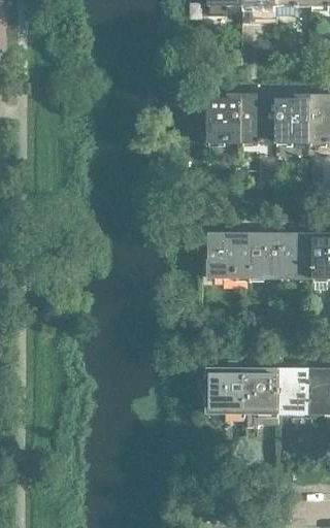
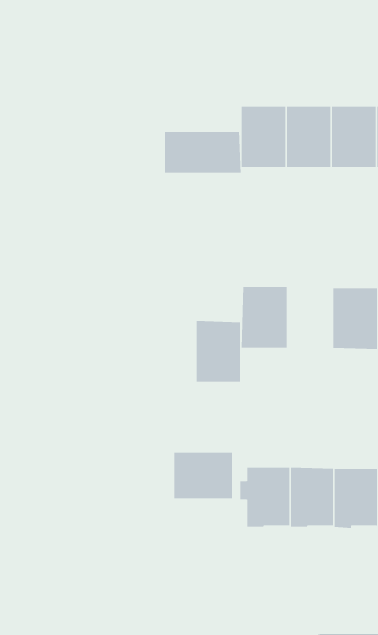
building: none -> [164,131,241,173]
building: [230,232,264,278] -> [196,321,241,382]
building: none -> [174,452,232,499]

